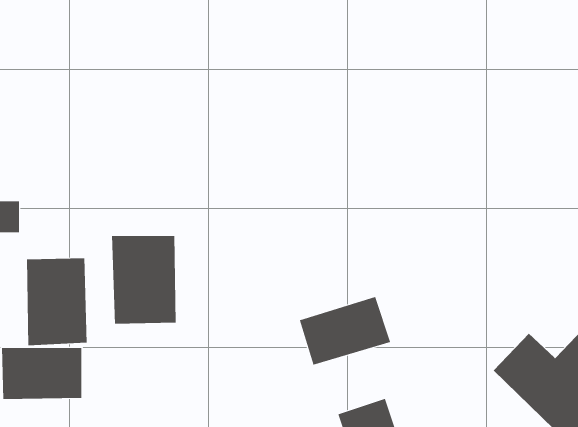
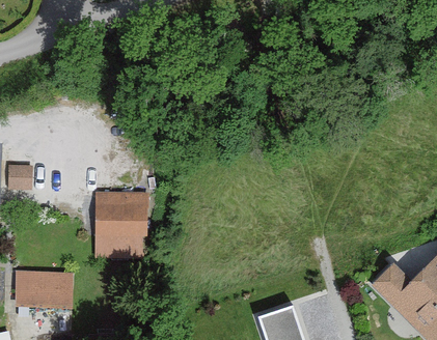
building: [27,257,87,346] -> none
building: [299,296,391,365] -> none

